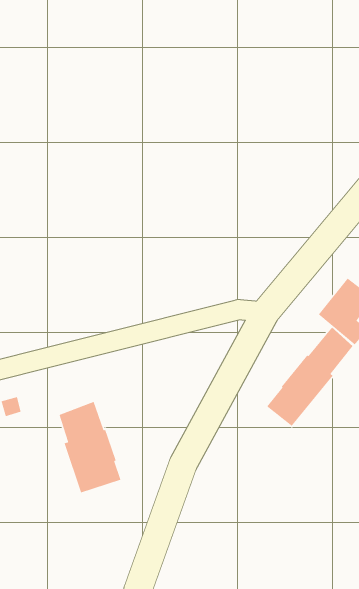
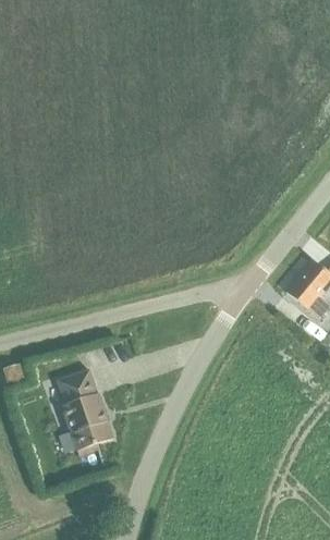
building: [266,326,353,427] -> none

